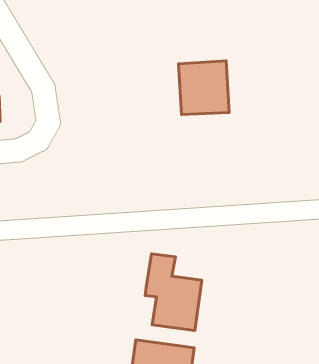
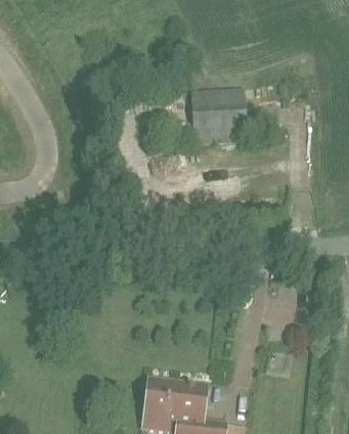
building: [145,254,202,331] -> none

